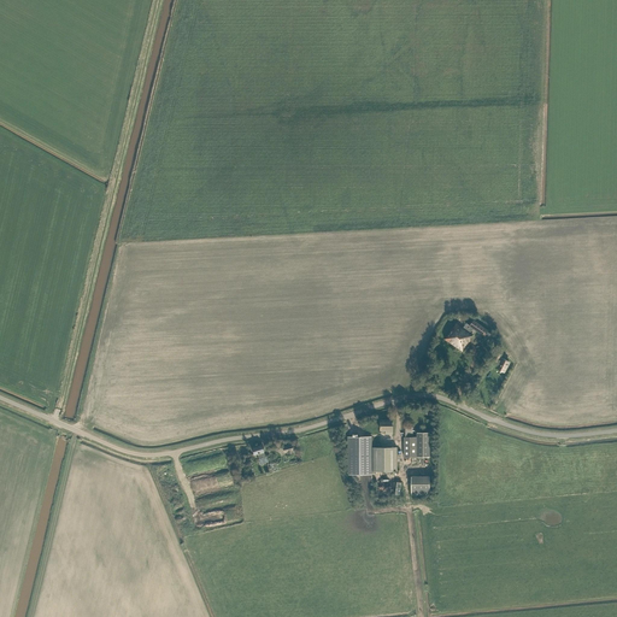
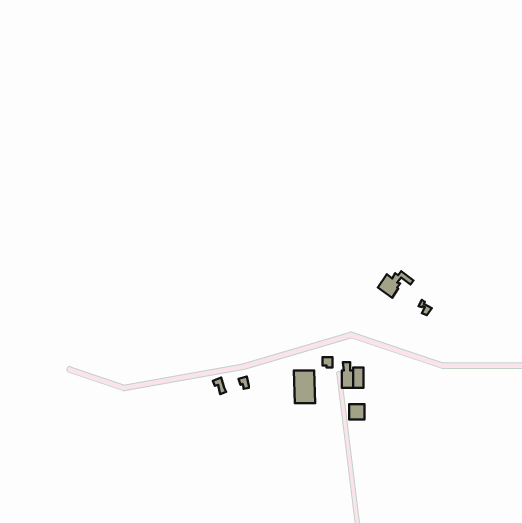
building: [371,447,396,471] -> none

